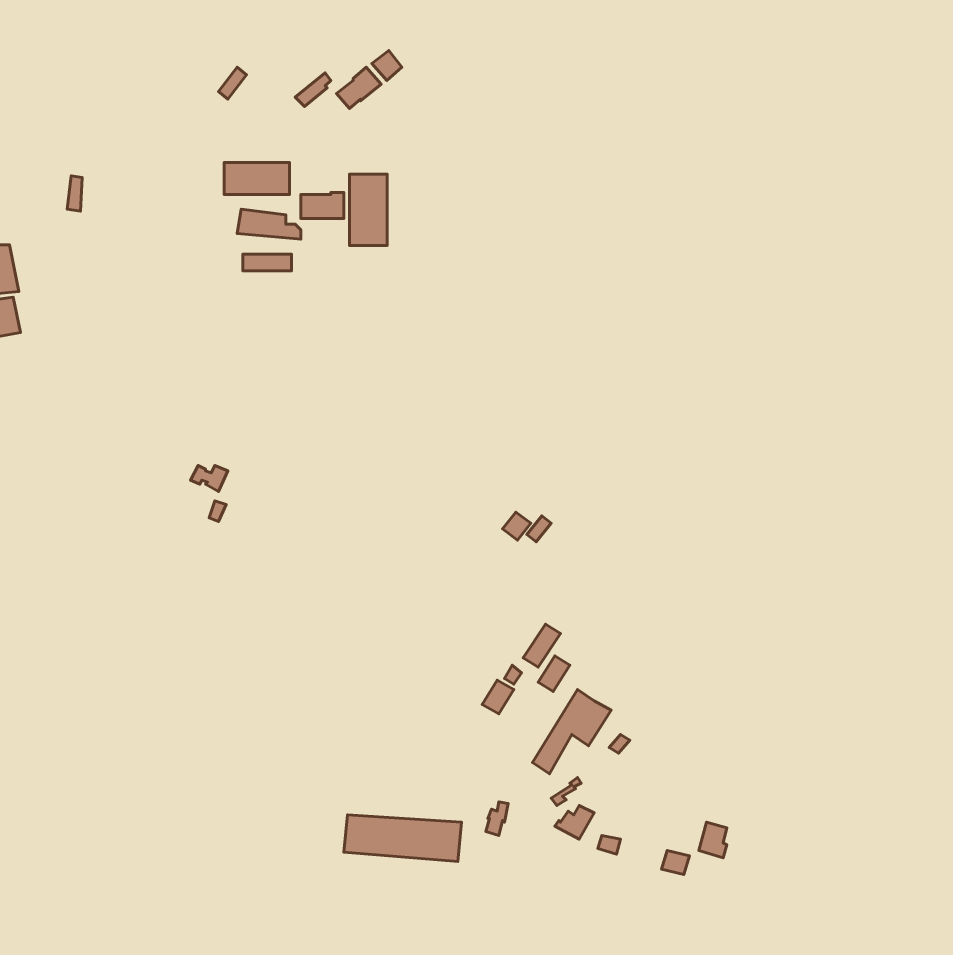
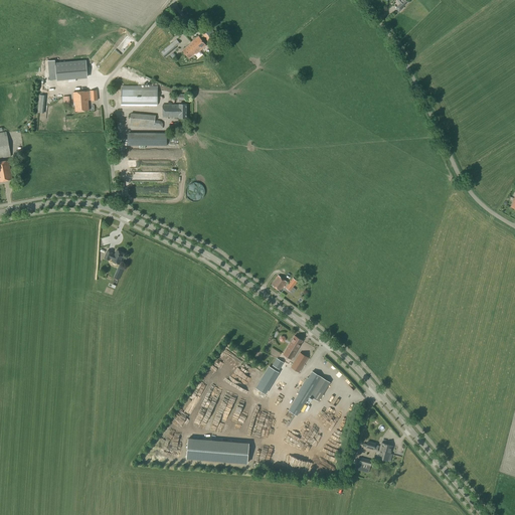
building: none -> [54,60,87,81]
building: none -> [71,90,97,112]
building: [349,174,387,246] -> none

